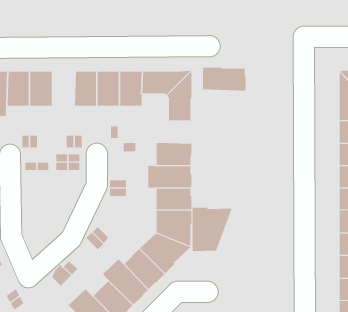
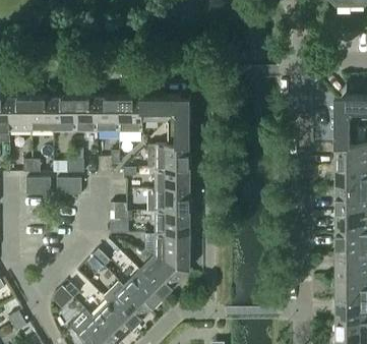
building: [202,67,247,91] -> [147,145,191,168]
building: none -> [54,97,76,131]
building: [192,207,232,252] -> none

